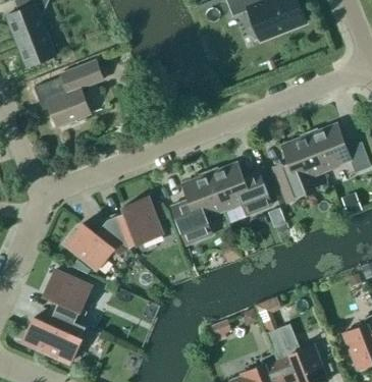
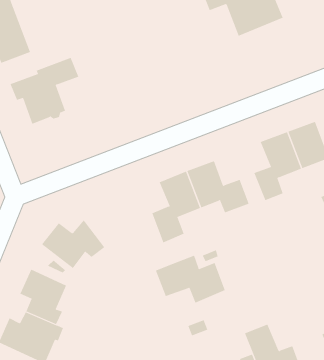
building: [105,197,162,248] -> none
building: none -> [155,253,226,303]

